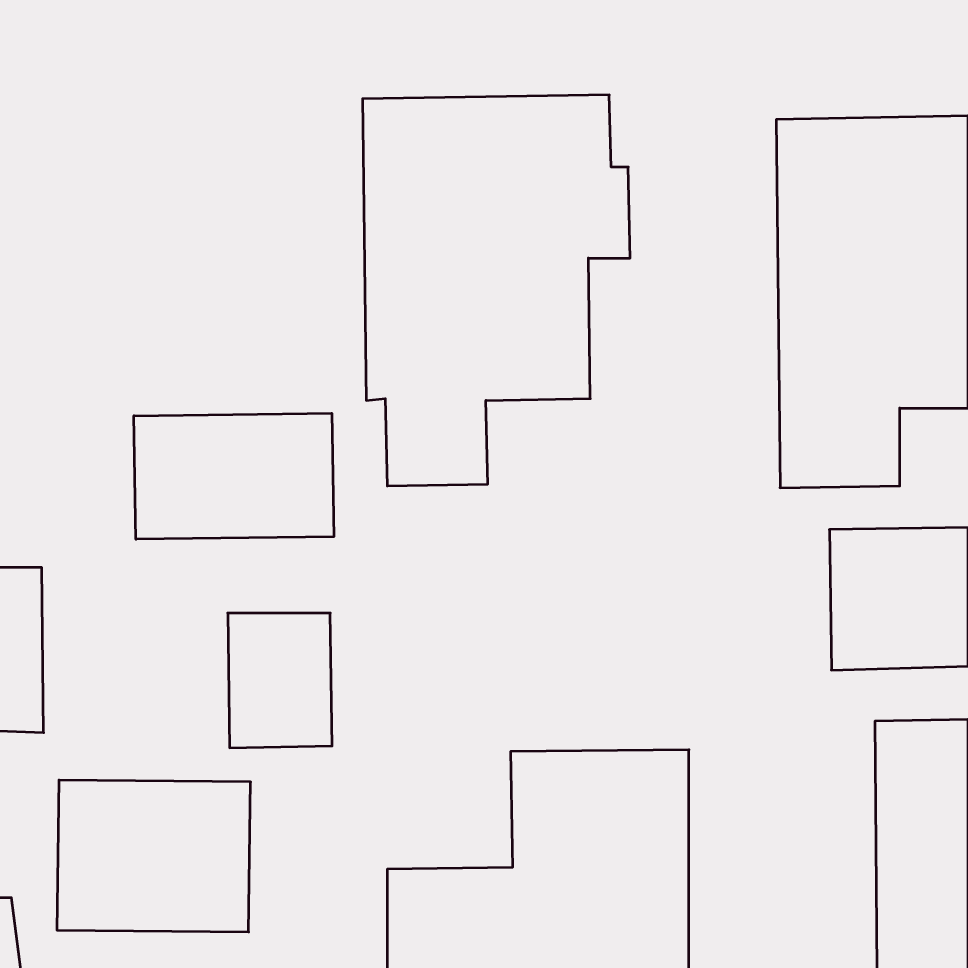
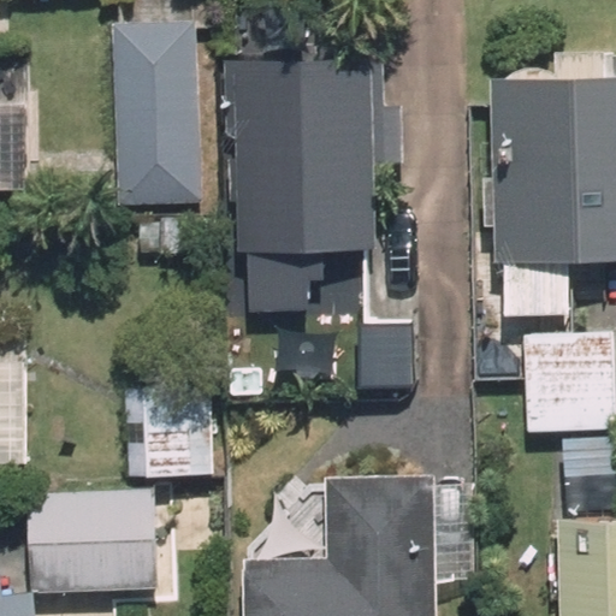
building: none -> [113,23,202,213]
building: [134,413,334,539] -> none

